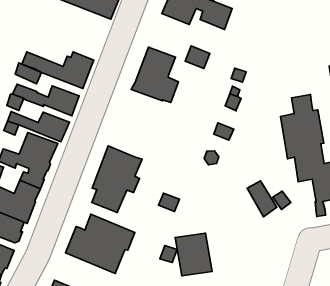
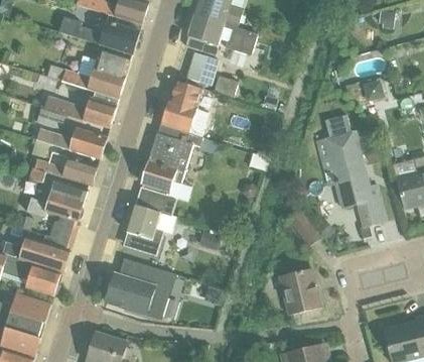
building: none -> [47,51,130,99]
building: none -> [186,52,218,85]
building: none -> [142,126,202,201]
building: [175,233,212,276] -> [279,268,320,315]

